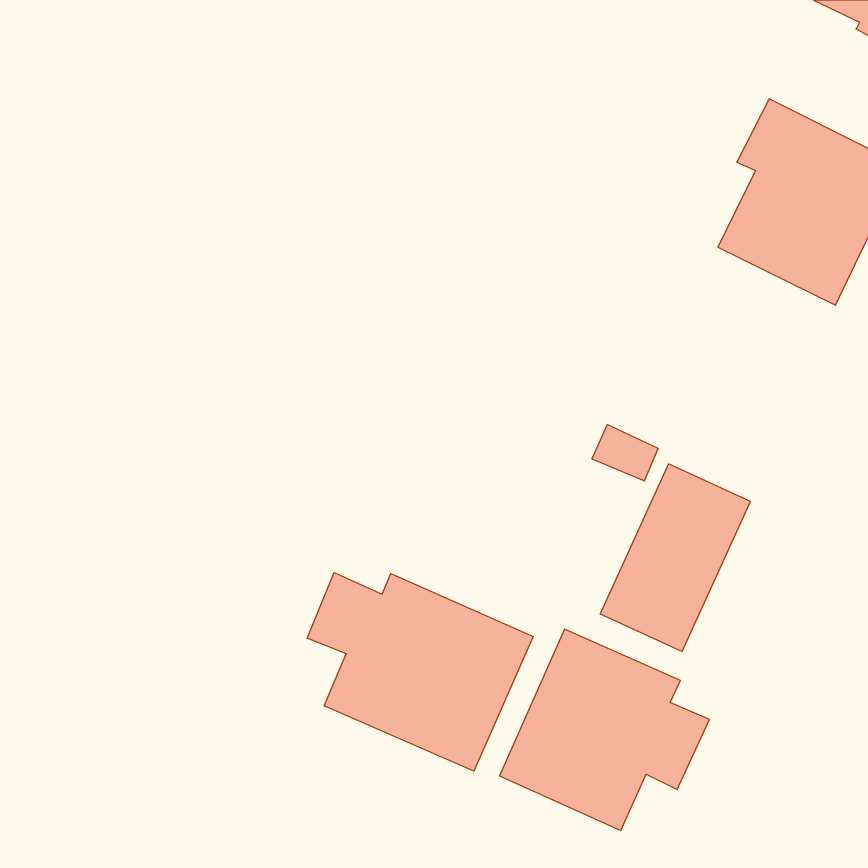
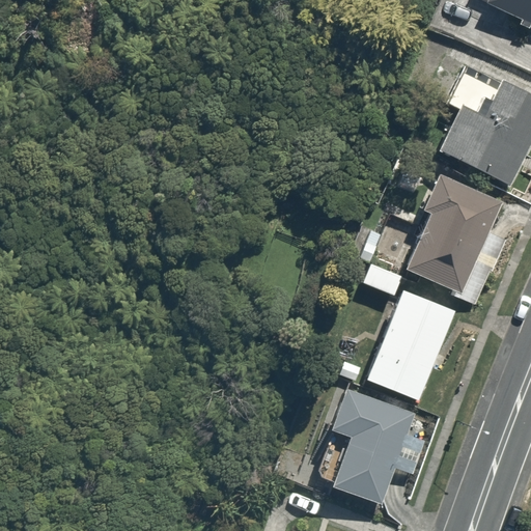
building: none -> [399,171,514,309]
building: [307,573,533,771] -> none

